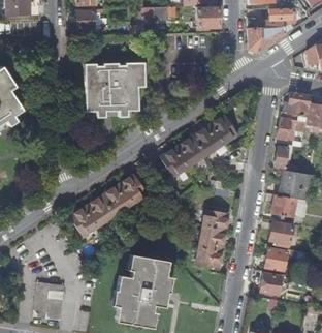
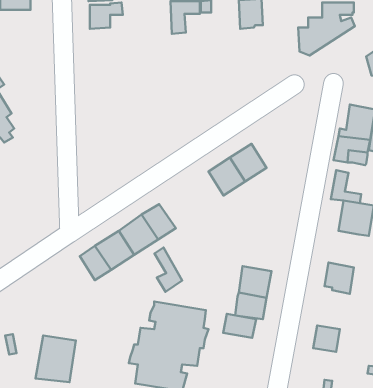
building: [84,62,144,117] -> none
building: [210,114,237,144] -> none
building: [160,147,187,176] -> none
building: [271,194,297,217] -> none
building: [202,209,229,229] -> [223,314,256,338]
building: none -> [155,248,182,292]
building: [264,247,288,270] -> none

